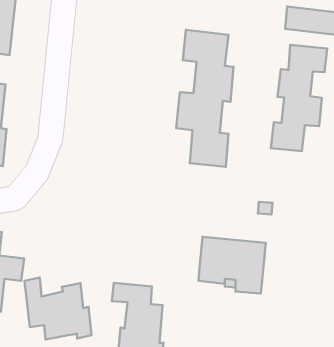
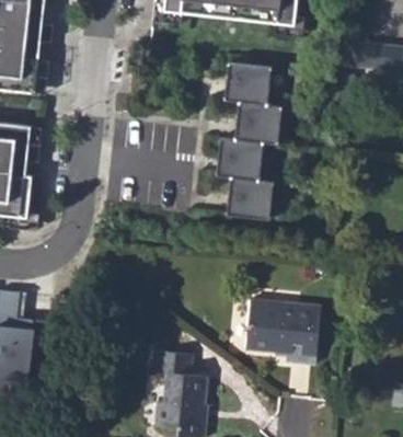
building: [271,45,327,151] -> none
building: [25,277,91,339] -> none

